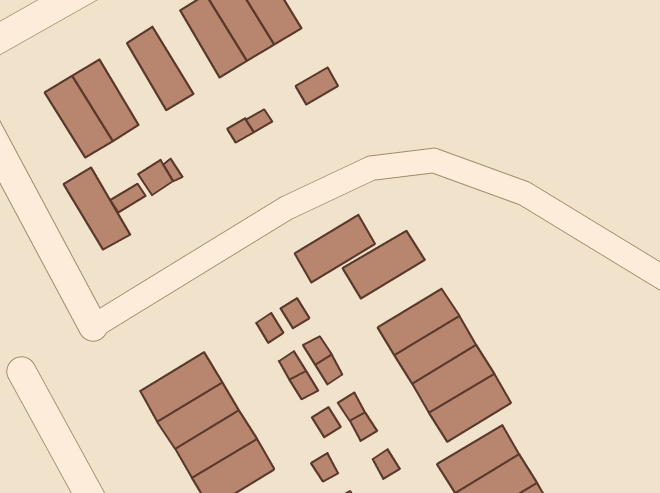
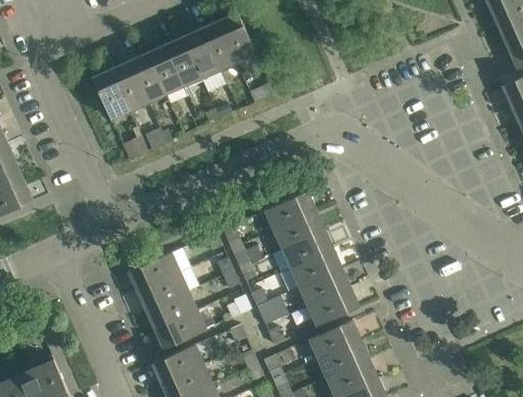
building: none -> [164,36,202,89]
building: [64,168,130,249] -> [129,52,167,104]
building: [295,215,375,283] -> [274,210,325,249]

